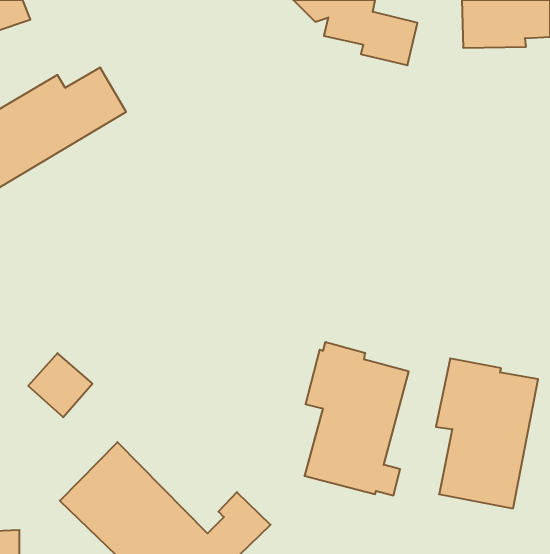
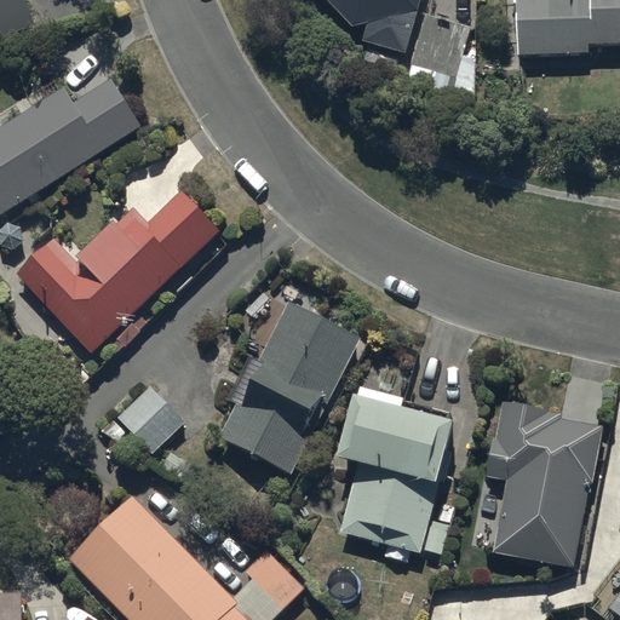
building: none -> [13,189,218,351]
building: none -> [217,297,366,477]
building: [28,353,92,417] -> [114,383,185,454]

